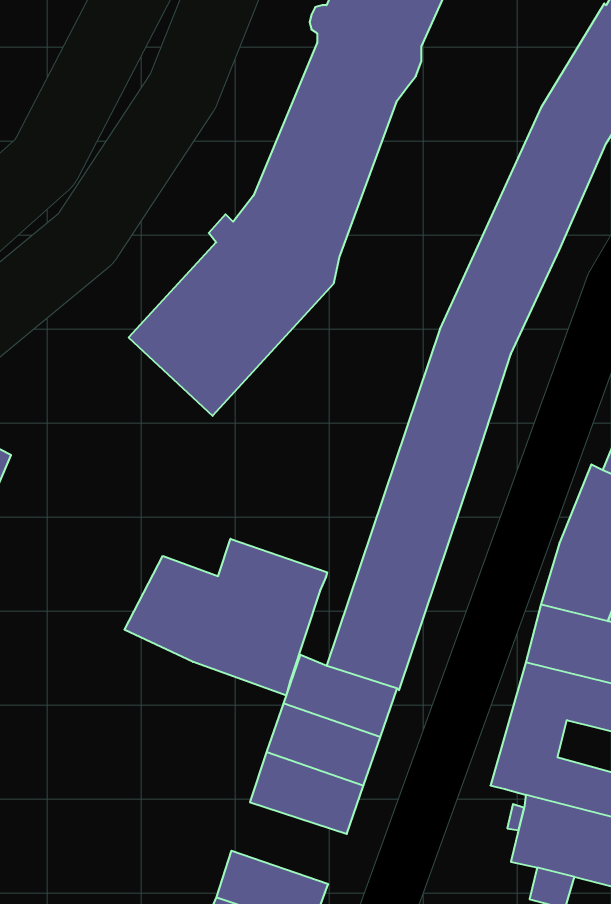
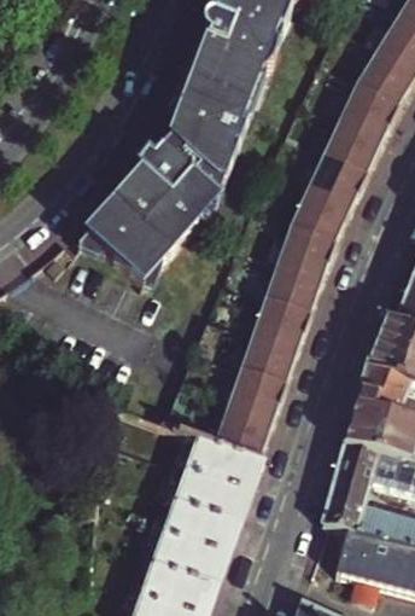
building: [124,539,327,695] -> none
building: none -> [153,531,228,585]

